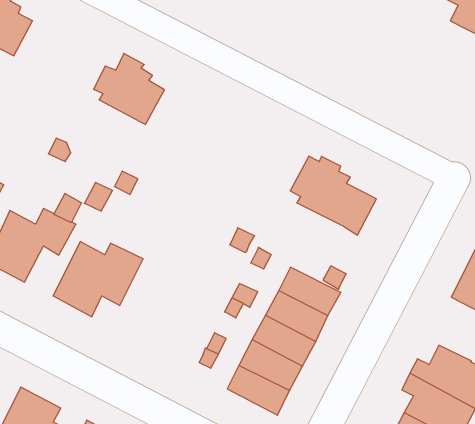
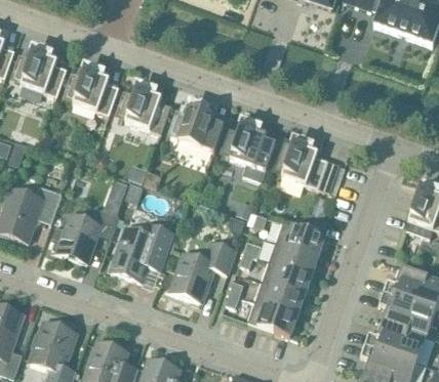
building: none -> [67,66,119,116]
building: none -> [171,102,224,153]
building: none -> [224,121,276,182]
building: none -> [165,241,236,302]

